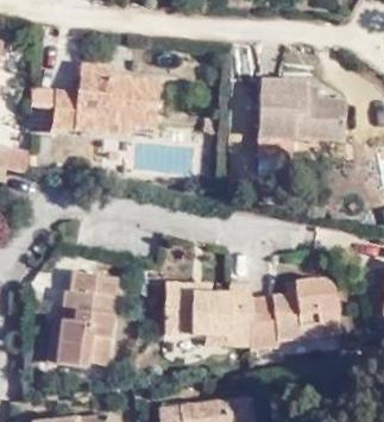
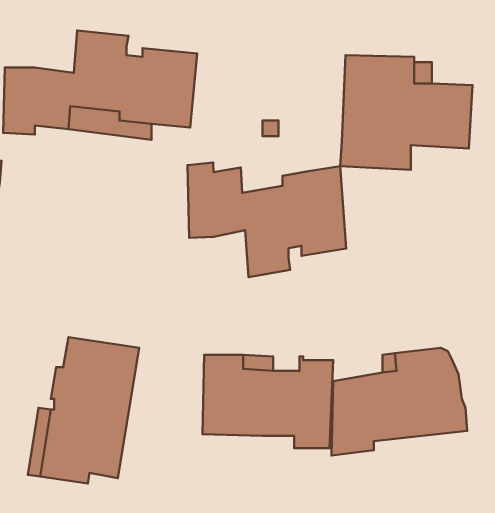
building: none -> [187,162,346,277]

